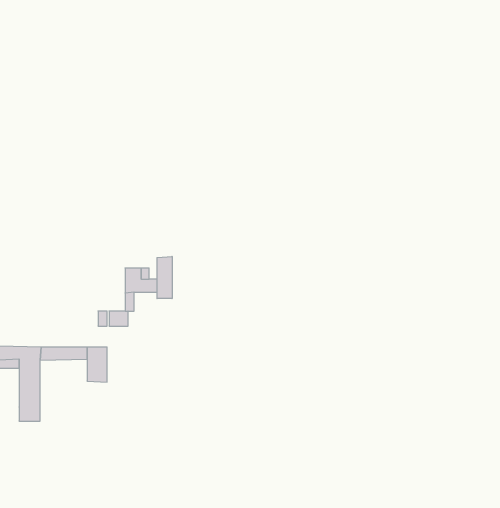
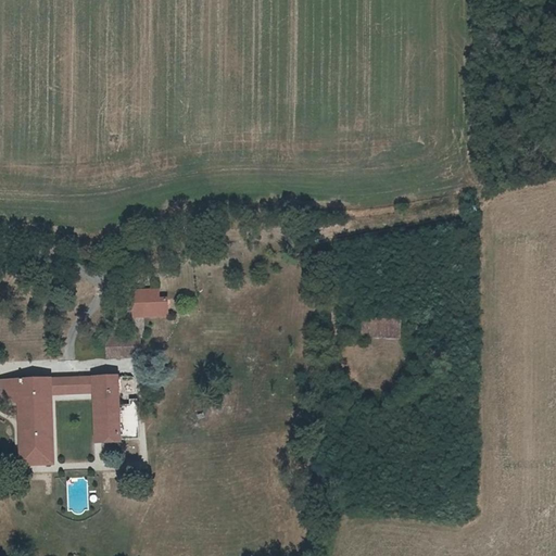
building: [157,256,172,299] -> none
building: none -> [94,414,116,440]

